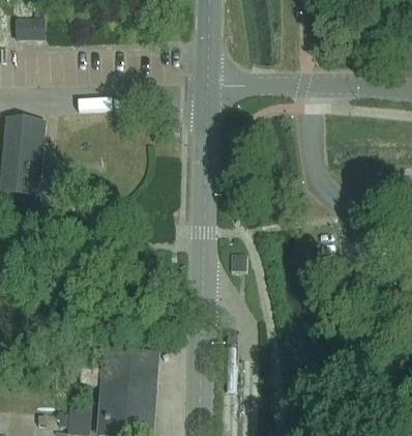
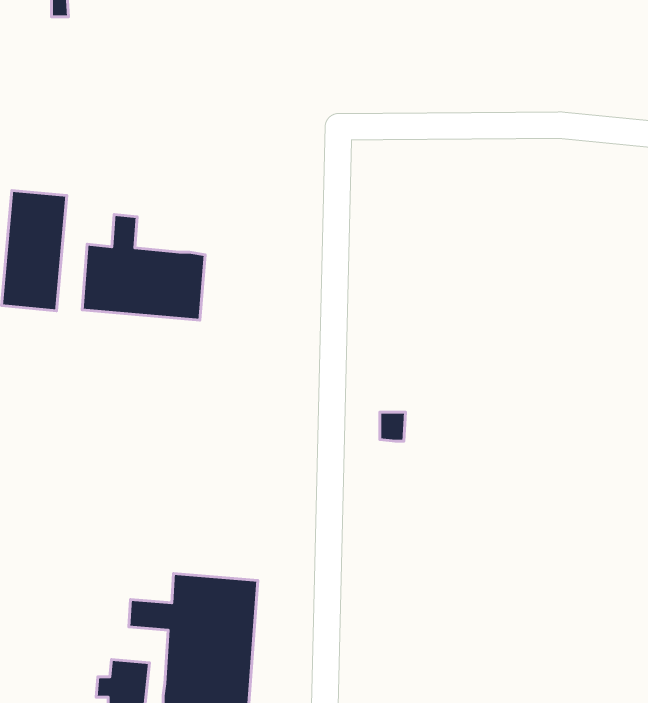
building: [14,14,41,34] -> none
building: none -> [82,215,205,320]

